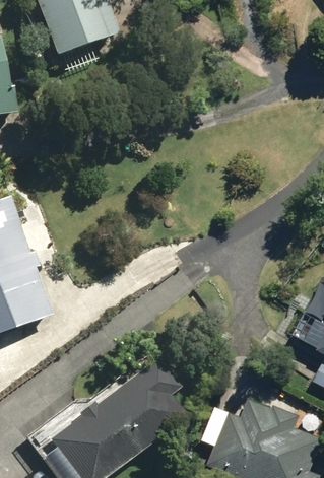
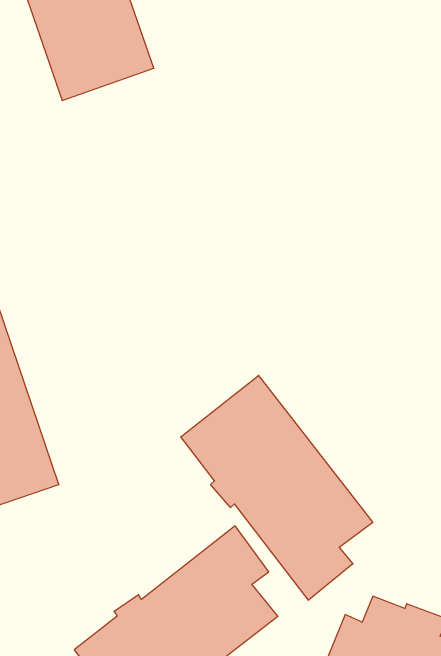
building: none -> [181,375,373,600]

